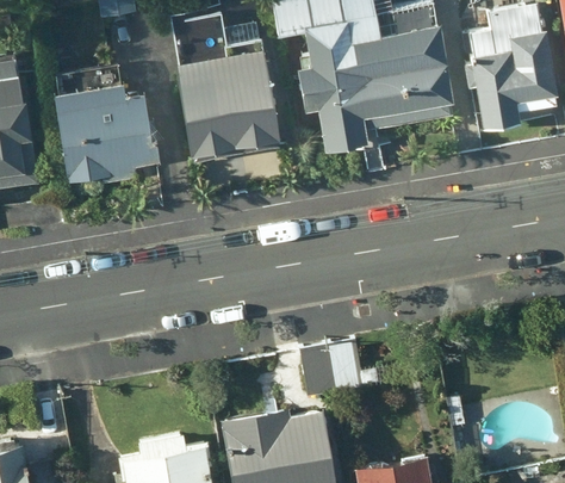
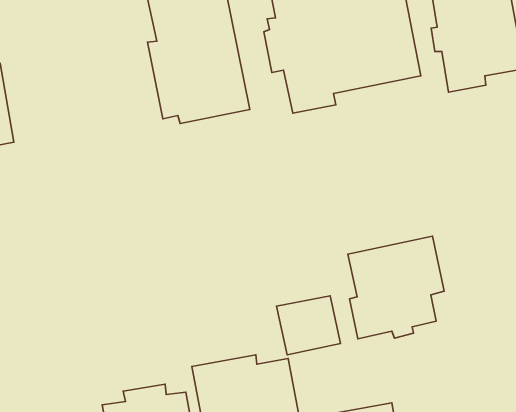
building: [54,66,162,186] -> none
building: none -> [348,236,444,339]

